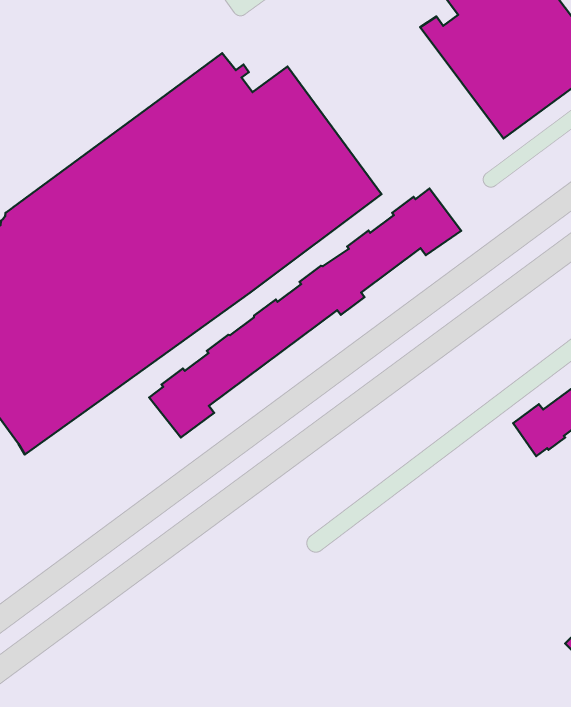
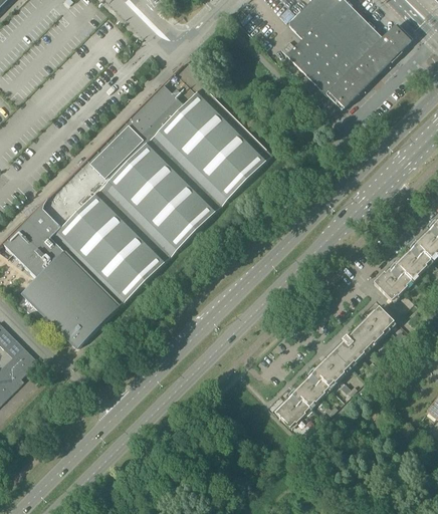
building: [149,189,461,438] -> none
building: none -> [274,306,394,426]

